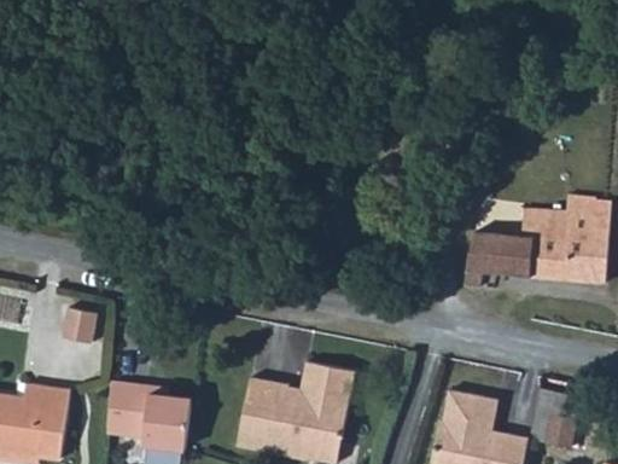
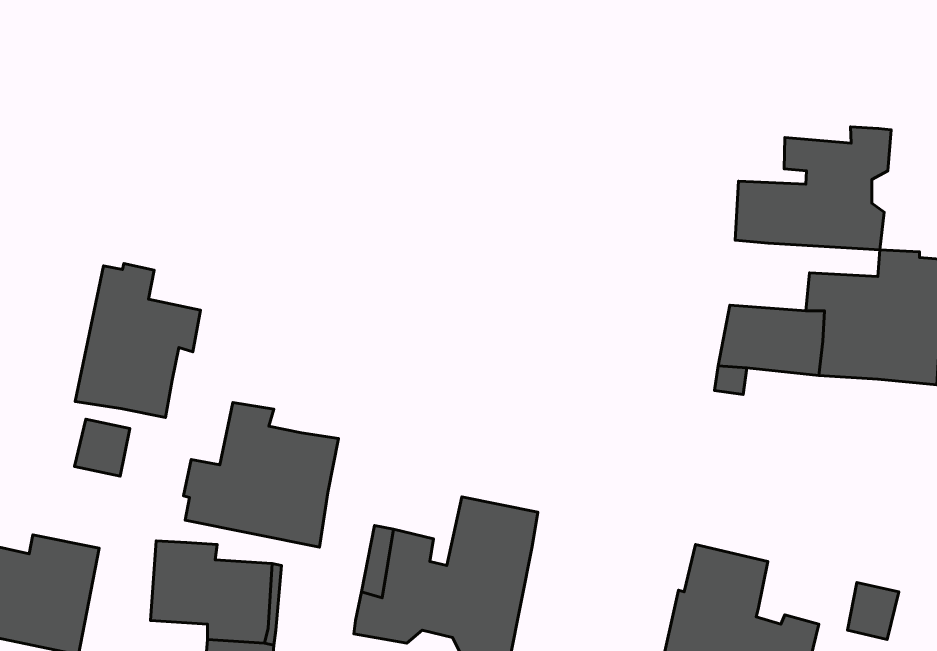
building: none -> [735,127,891,250]
building: none -> [75,263,200,418]
building: none -> [183,402,339,547]

